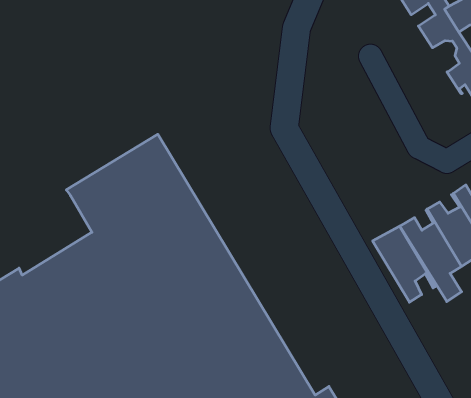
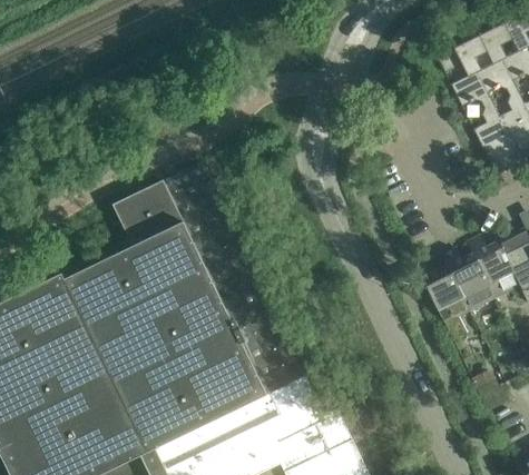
building: [373,226,435,302] -> none

